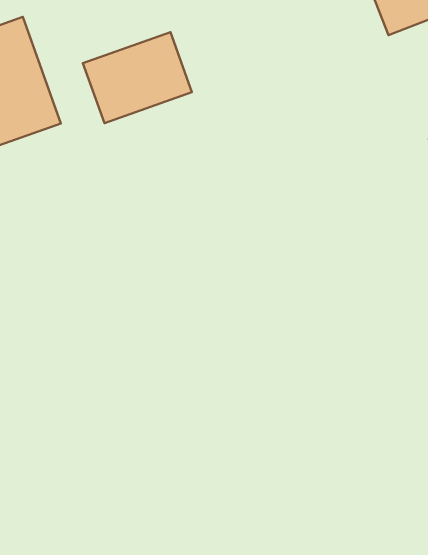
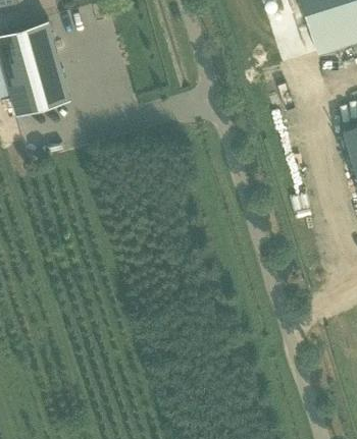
building: [83,32,192,123] -> none

